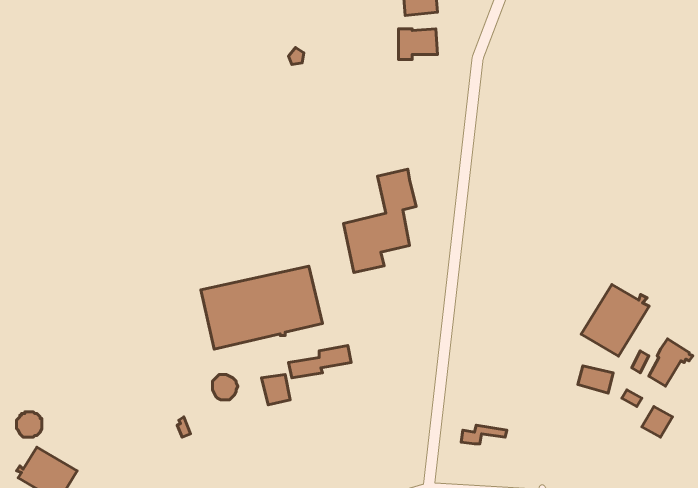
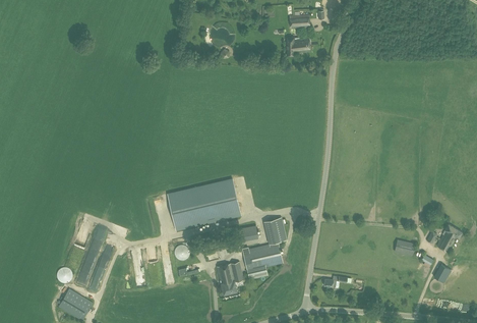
building: [344,169,416,273] -> [242,217,286,279]
building: [581,284,649,356] -> none
building: none -> [216,261,243,294]

